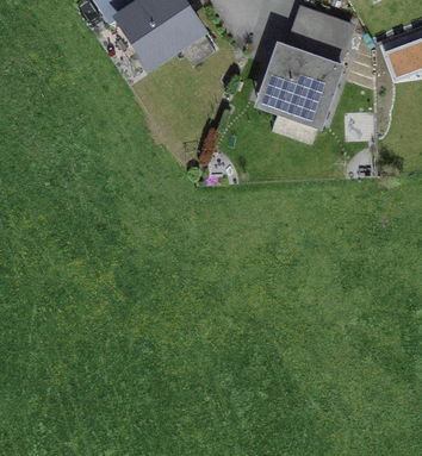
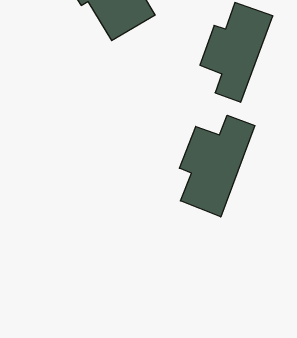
building: none -> [179,115,255,217]

